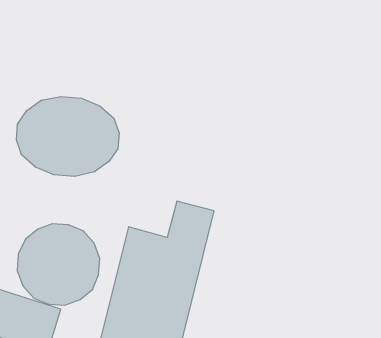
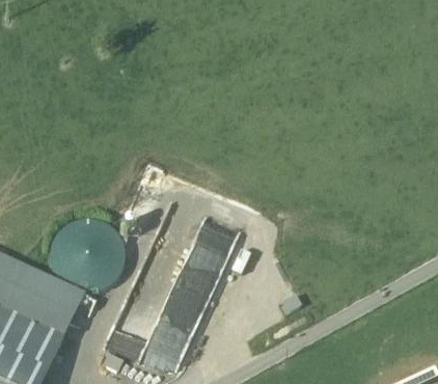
building: [16,97,119,176] -> none

